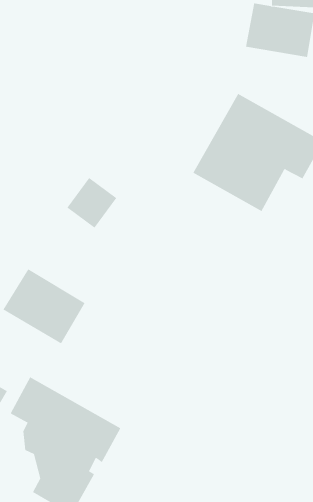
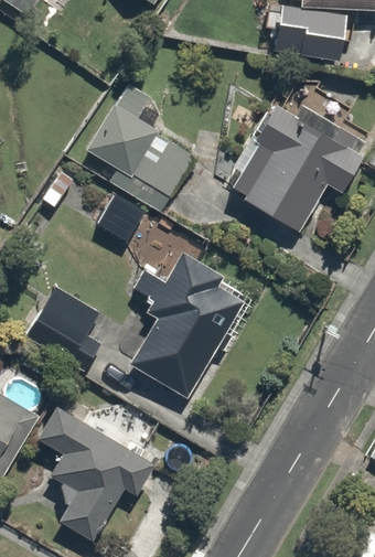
building: none -> [84,101,196,204]
building: none -> [125,256,248,399]

